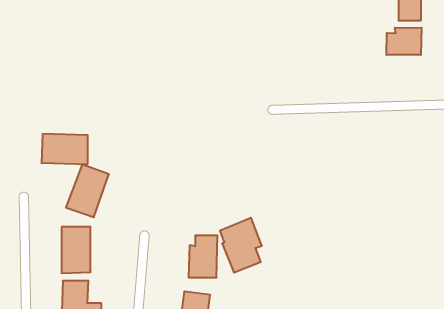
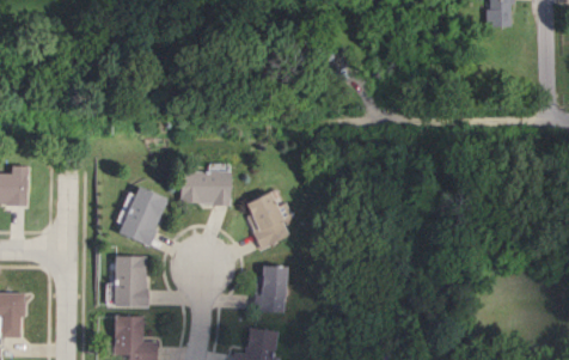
building: [386,28,422,55] -> none
building: [41,134,88,164] -> [178,171,230,205]
building: [220,218,262,273] -> [244,188,290,249]

